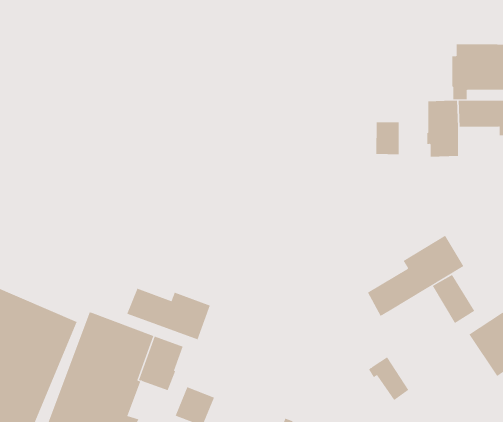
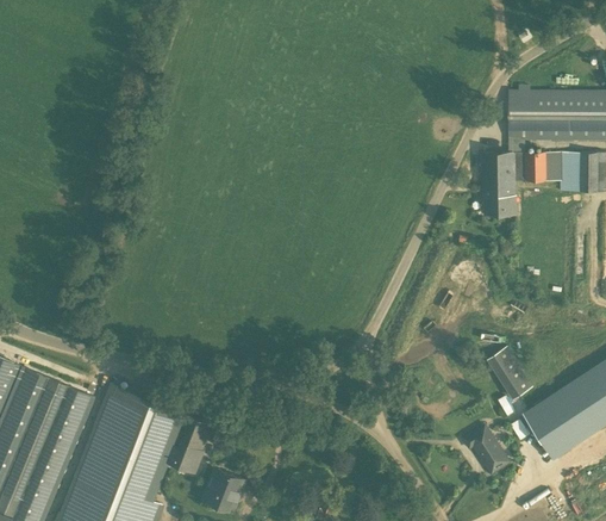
building: [376,121,399,155] -> none
building: [367,235,464,317] -> none
building: [126,288,211,340] -> none
building: [368,356,409,401] -> [463,426,508,475]

